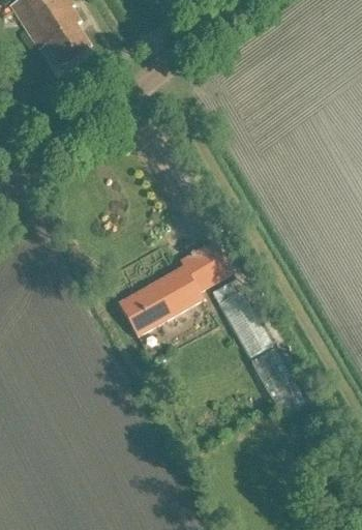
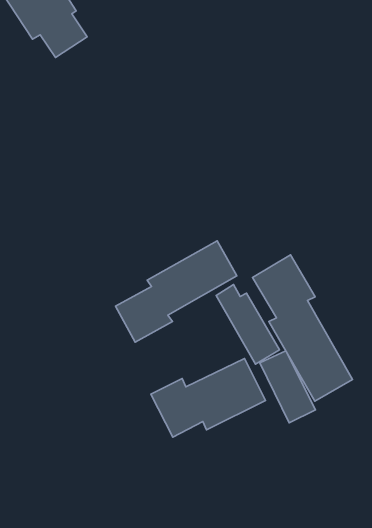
building: none -> [253,255,352,401]
building: none -> [151,358,265,437]

